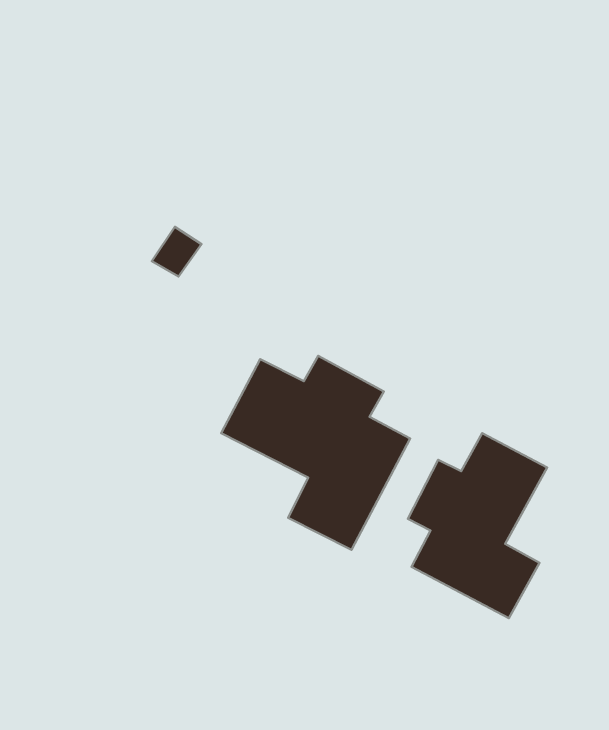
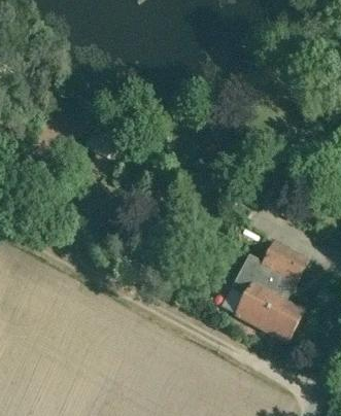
building: [221,356,410,550] -> none

